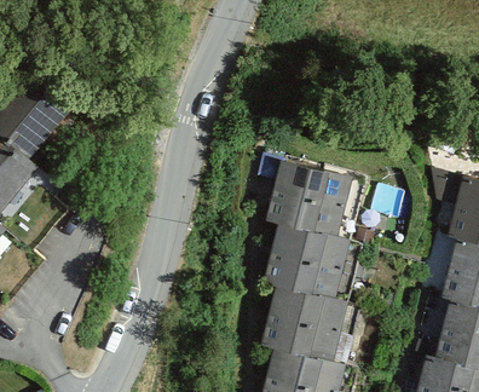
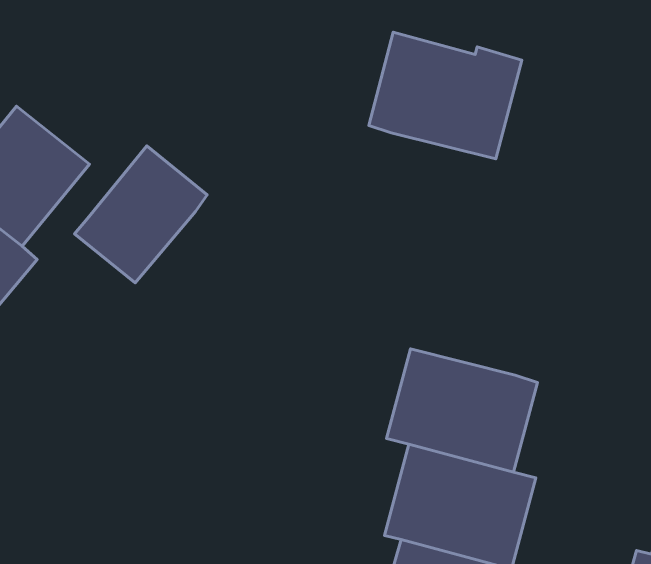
building: none -> [75,146,207,283]
building: [262,163,362,246] -> [369,32,522,159]

